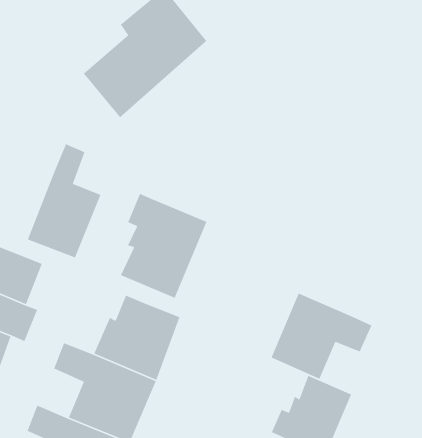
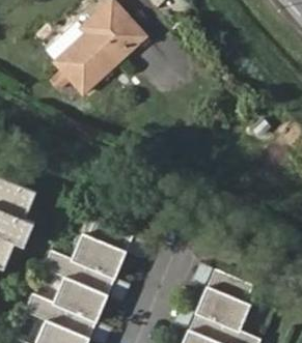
building: [27,143,101,259] -> none
building: [120,193,208,299] -> none
building: [270,292,373,380] -> none

